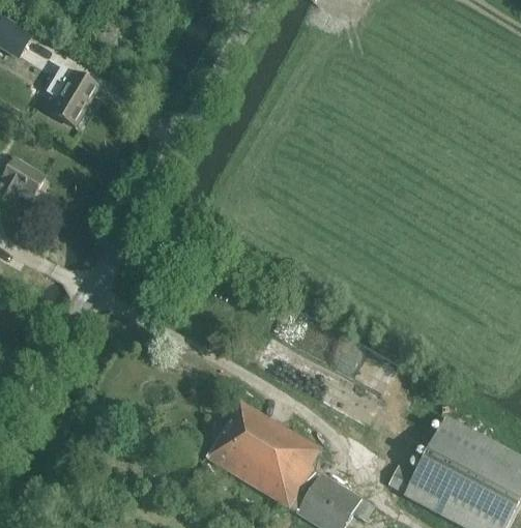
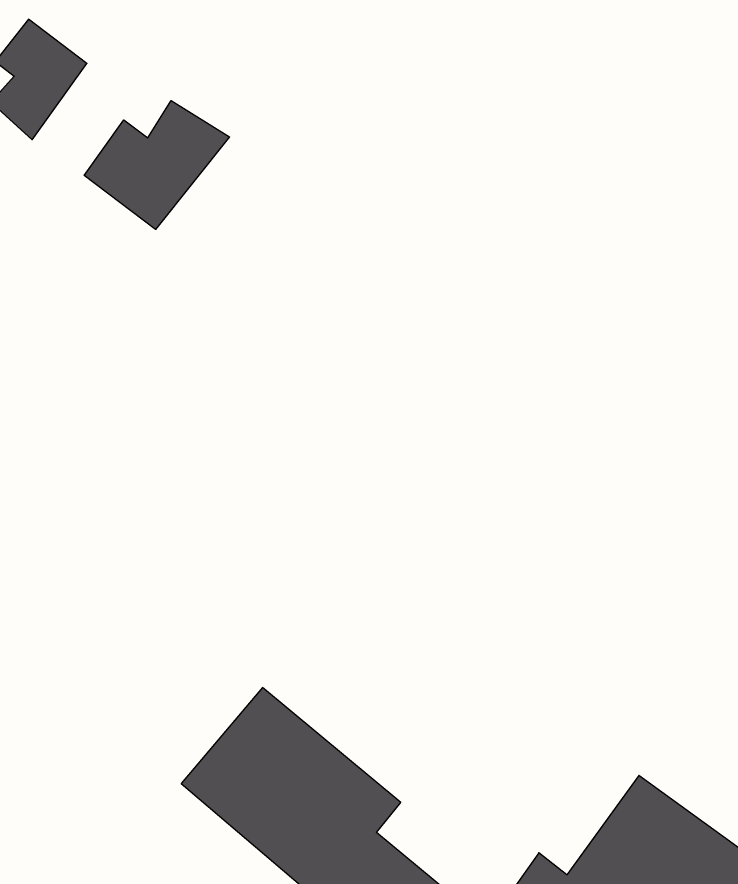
building: none -> [84,101,230,229]

